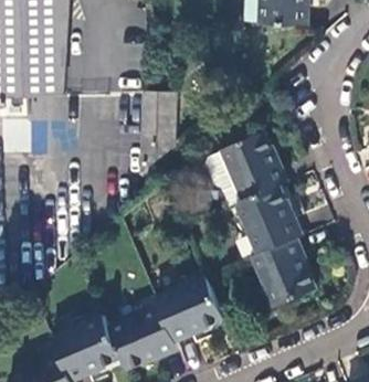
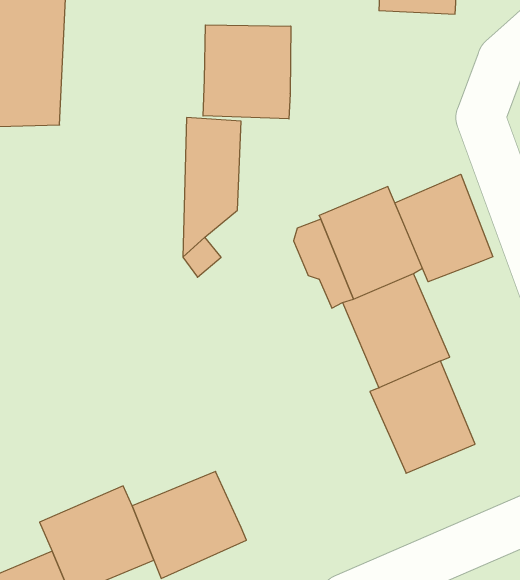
building: none -> [203,25,291,119]
building: none -> [395,174,493,282]
building: [156,276,224,339] -> none

